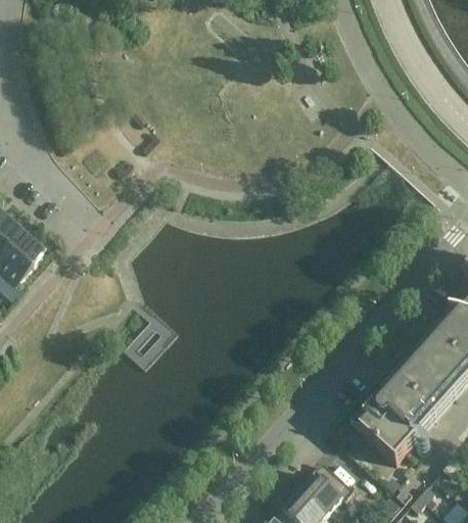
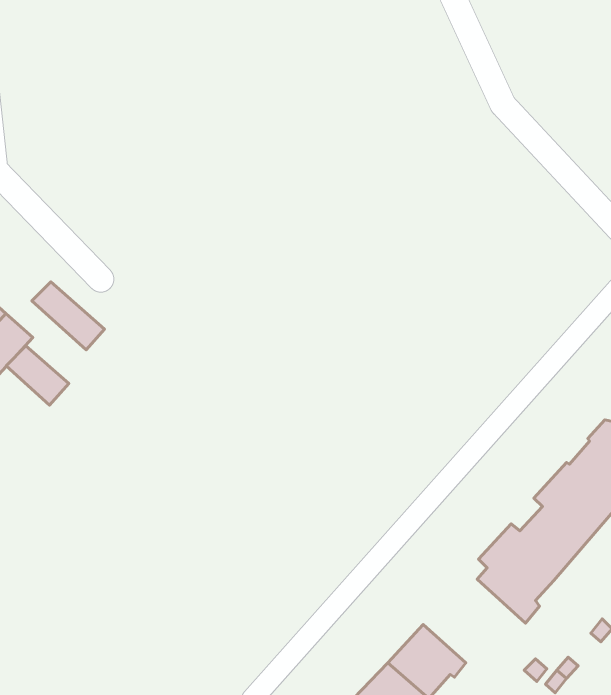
building: none -> [32,282,105,350]
building: none -> [6,346,69,405]

